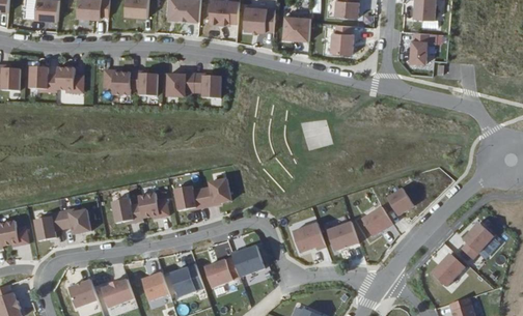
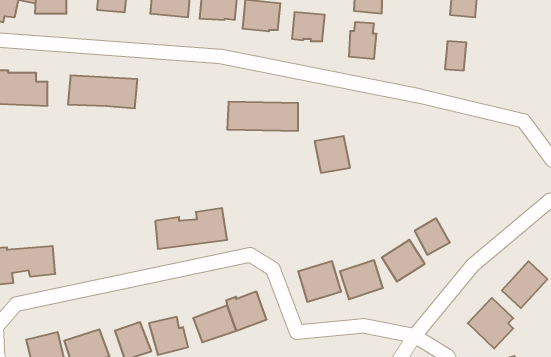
building: [164,73,222,96] -> [227,102,298,131]
building: [109,191,170,224] -> none

